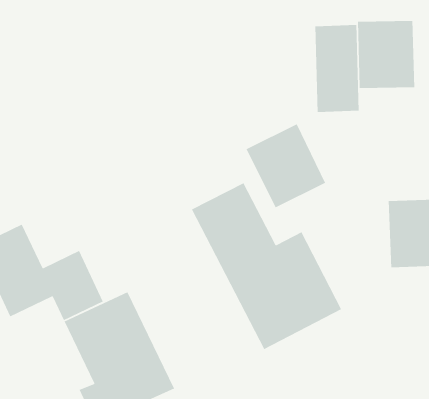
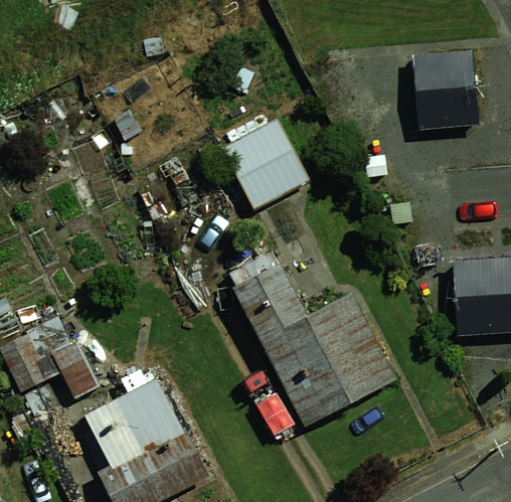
building: [315,24,359,113] -> none
building: [245,123,326,209] -> [218,111,311,208]

